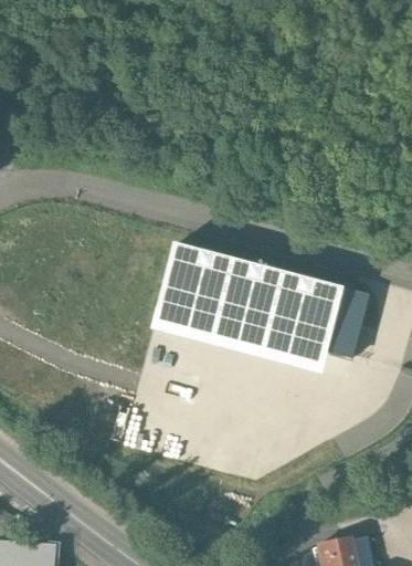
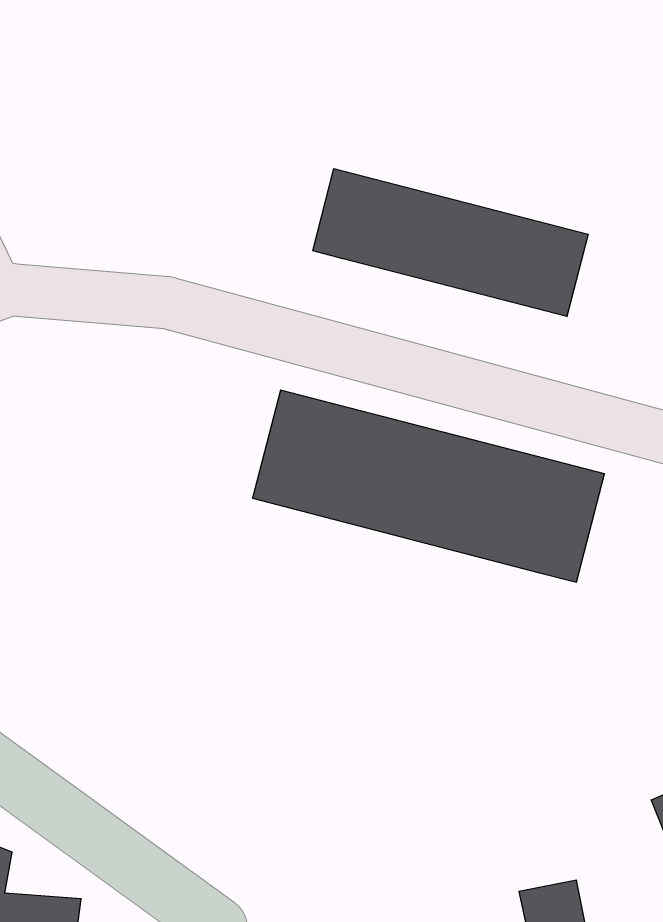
building: none -> [313,169,588,317]
building: [154,307,329,373] -> none

